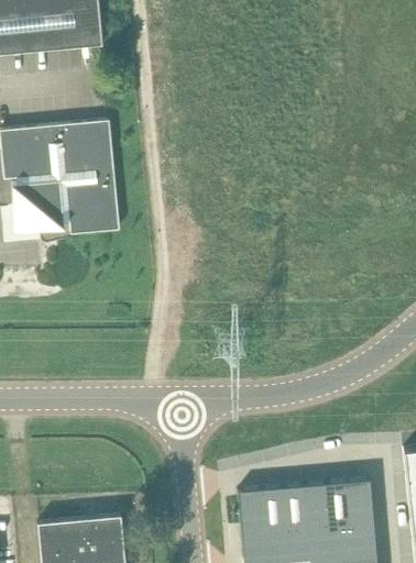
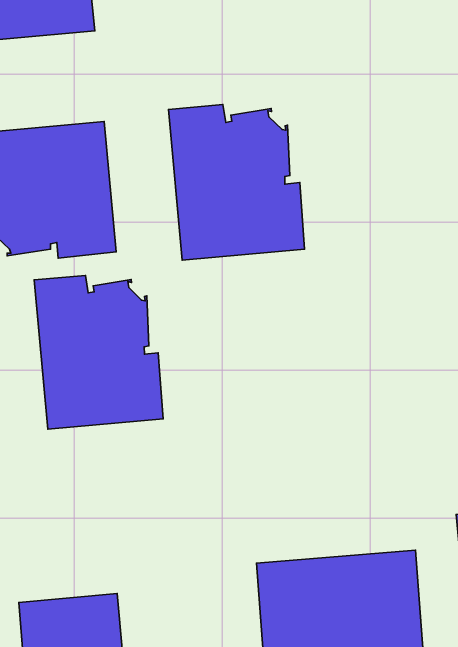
building: none -> [168,105,305,260]
building: none -> [34,275,163,429]

